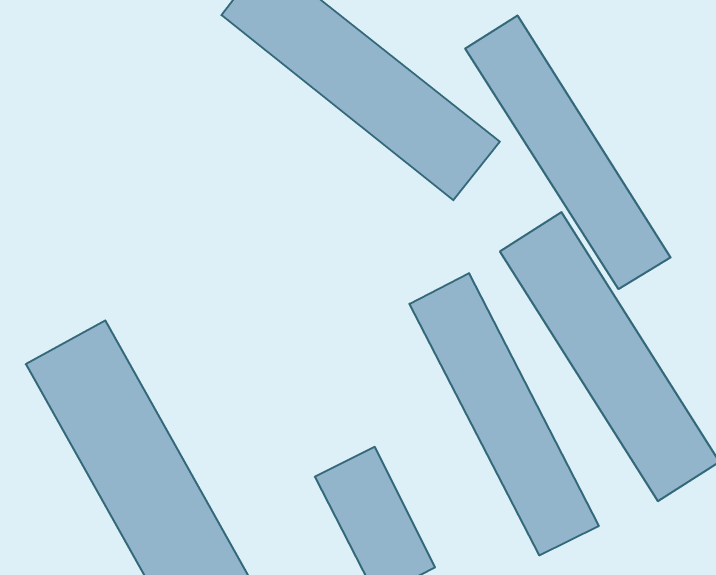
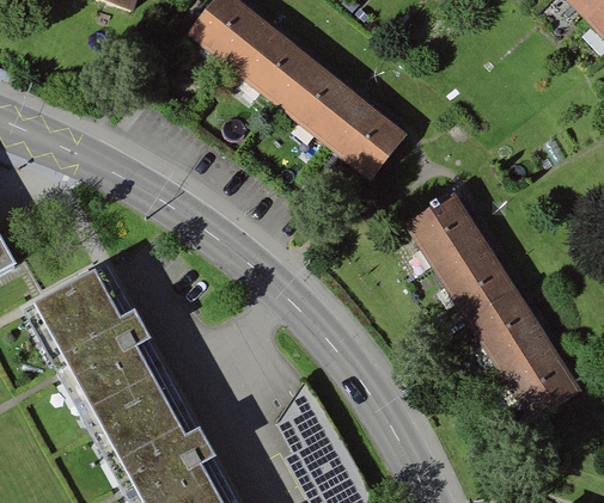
building: [465,15,671,289] -> none
building: [409,273,599,555] -> none

